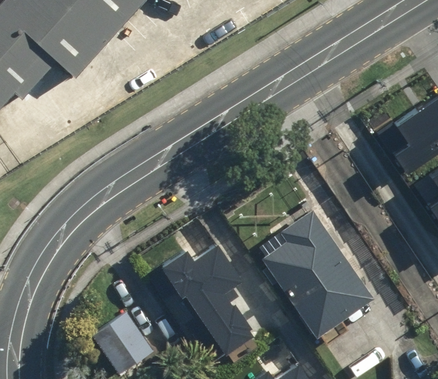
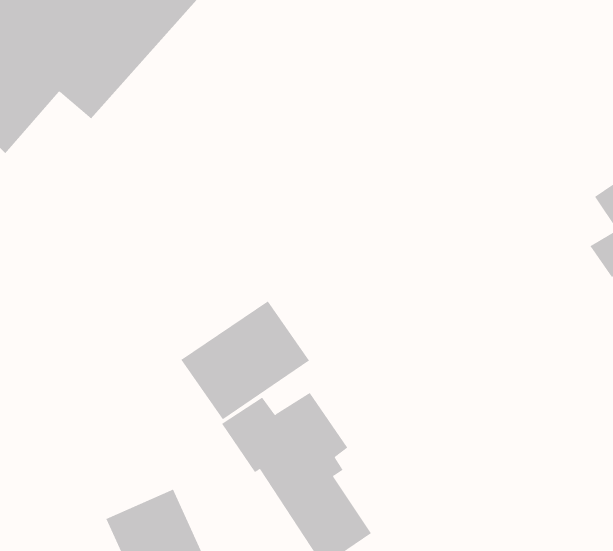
building: none -> [181,300,310,420]
building: [255,213,371,336] -> none

